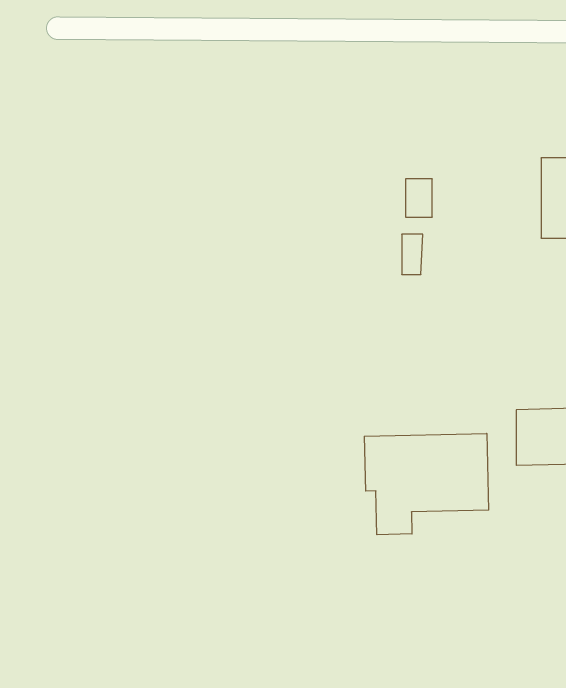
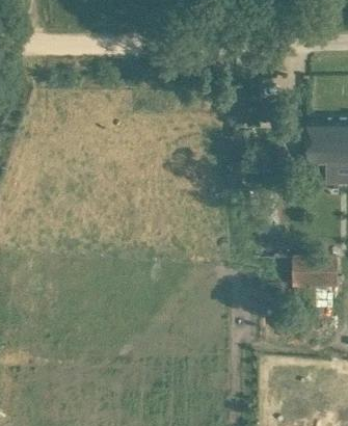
building: [364,433,489,535] -> none

